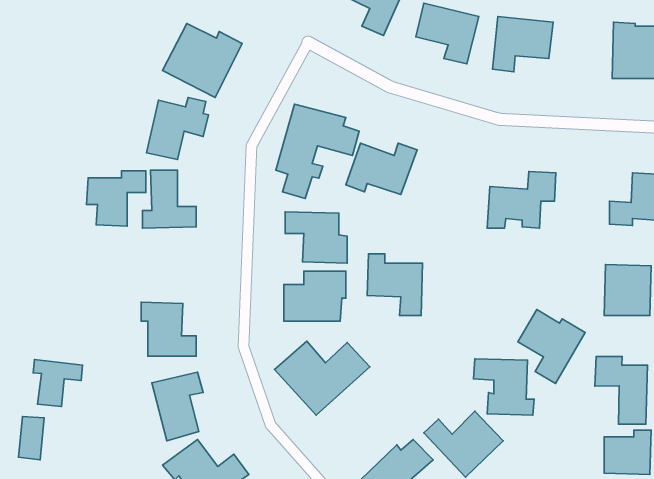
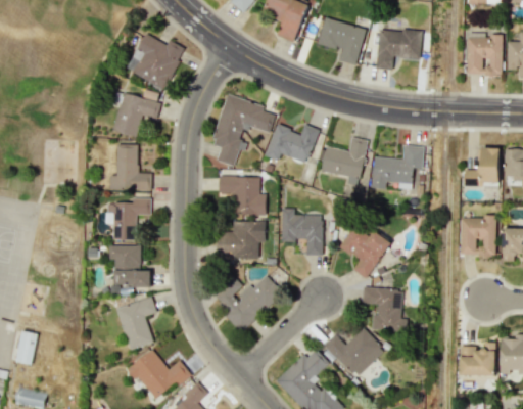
building: none -> [321,137,368,184]
building: [87,171,146,226] -> [105,197,150,239]
building: [518,310,585,384] -> [339,223,390,279]
building: [595,357,648,424] -> none
building: [33,359,83,407] -> none

